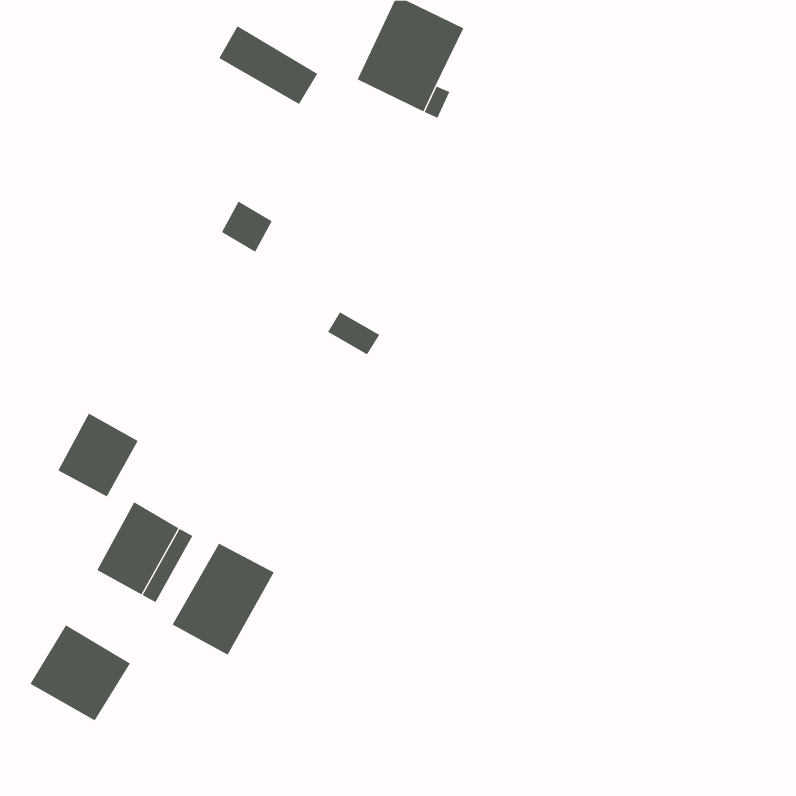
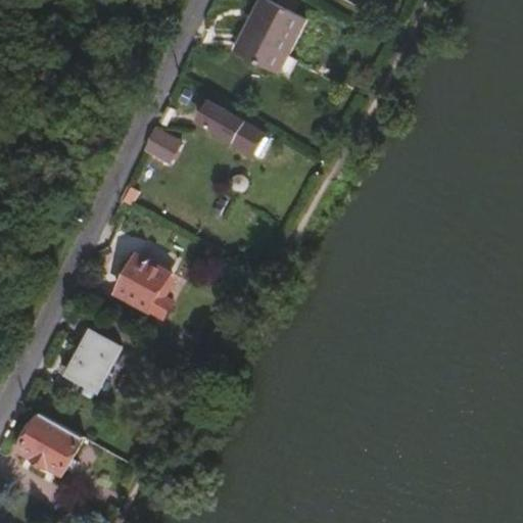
building: [218,25,318,105] -> [191,99,256,151]
building: [57,413,138,497] -> [113,255,167,311]
building: [172,543,274,655] -> none

